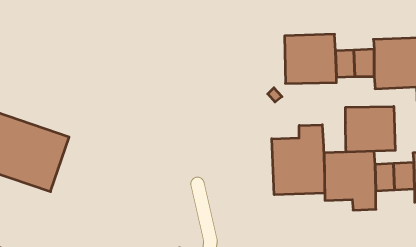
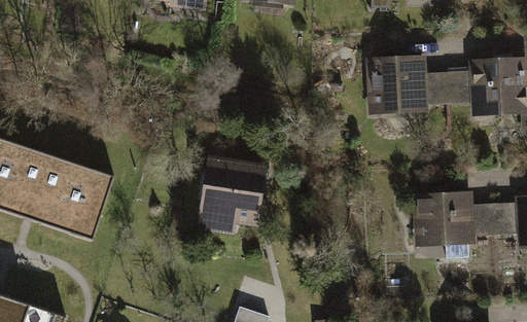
building: [346,106,395,152] -> none
building: none -> [197,152,268,232]
building: [272,125,325,195] -> none

